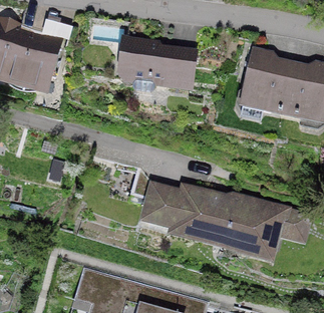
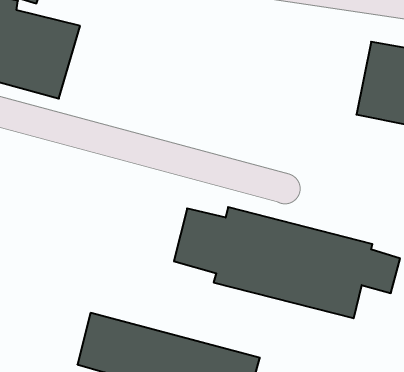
building: [126,40,206,94] -> none
building: [238,45,292,109] -> none

